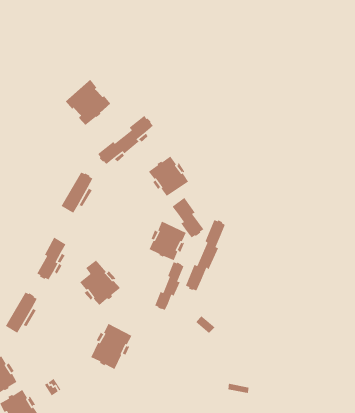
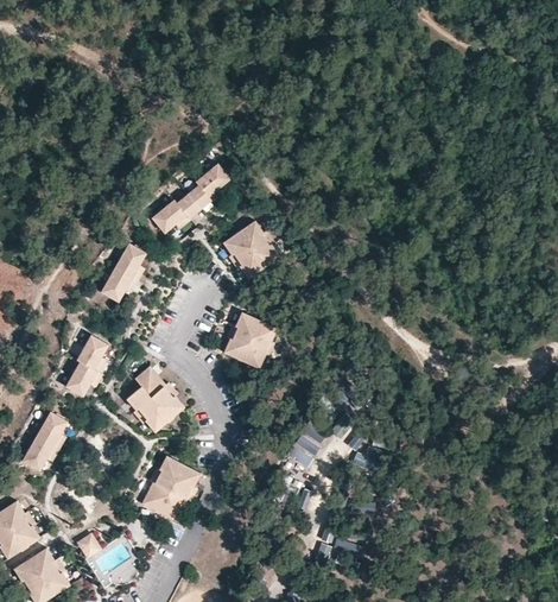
building: [65,79,111,126] -> none
building: [172,197,204,238] -> none
building: [185,219,226,291] -> none
building: [154,261,184,311] -> none

